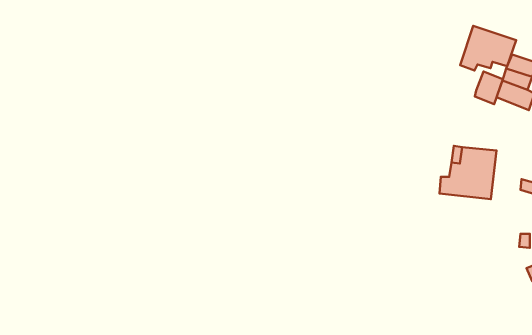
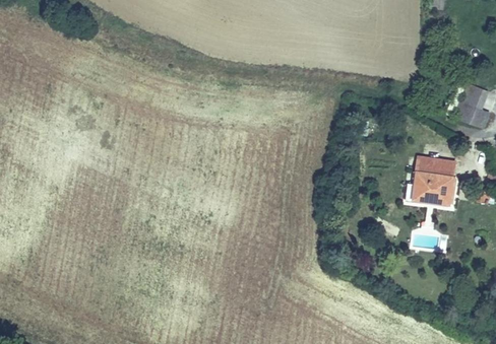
building: [460,26,516,70] -> none
building: [475,71,503,104] -> none

